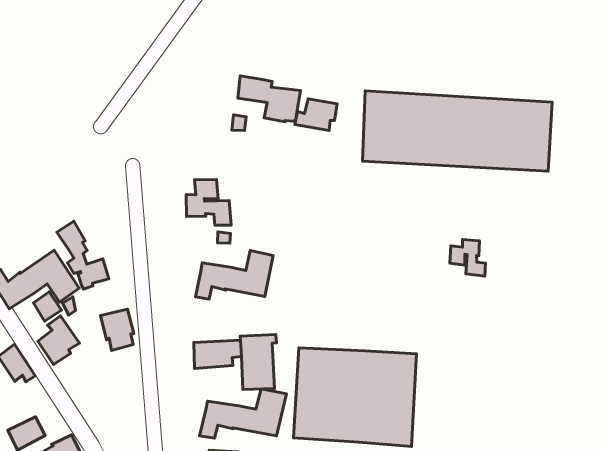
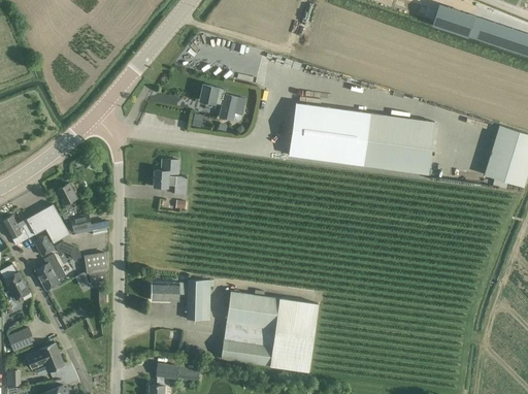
building: [295,99,337,131] -> none
building: [450,240,485,276] -> none
building: [196,251,273,299] -> none
building: [200,389,286,438] -> none

